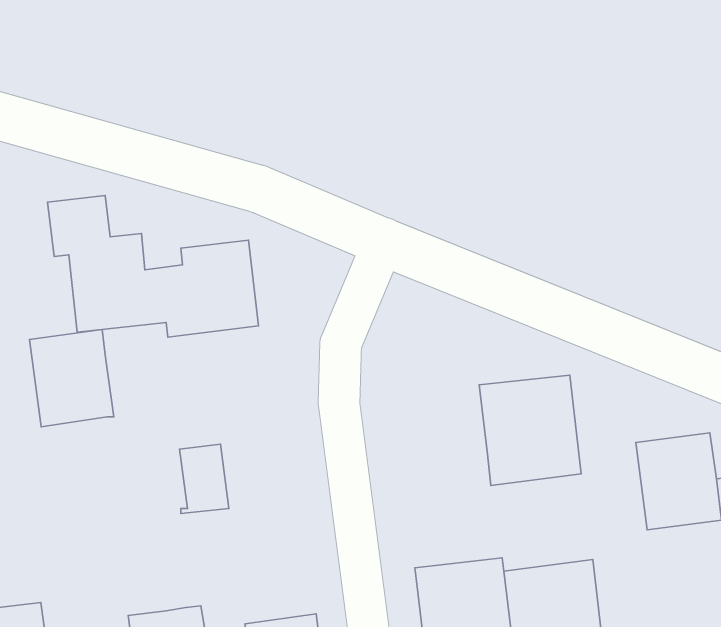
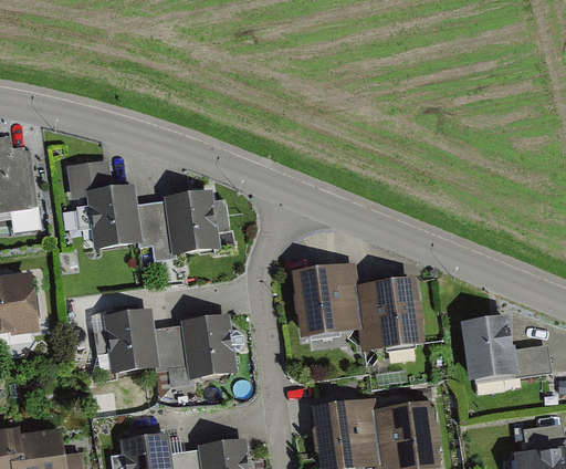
building: [30,330,114,427] -> [104,309,160,374]
building: none -> [293,265,361,338]
building: none -> [181,314,238,379]

